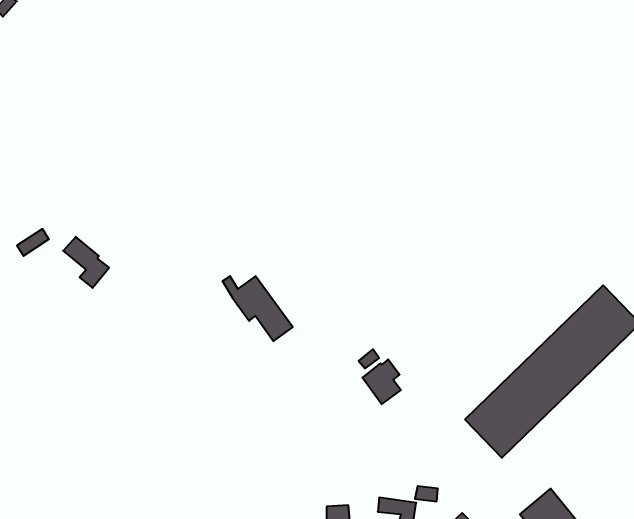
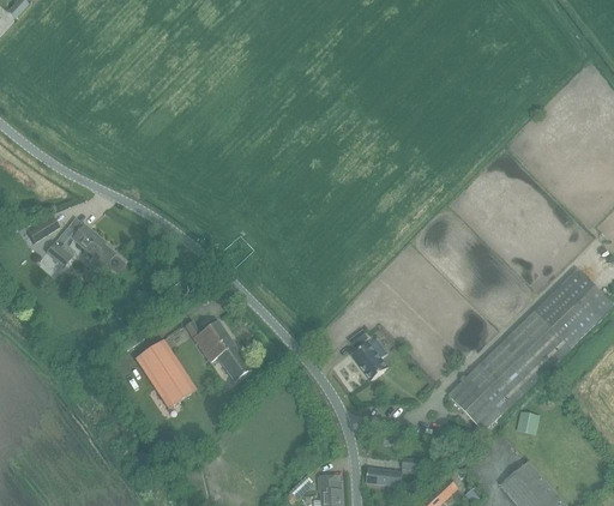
building: none -> [46,225,74,265]
building: [222,276,293,341] -> [185,320,251,381]
building: none -> [136,341,198,409]

